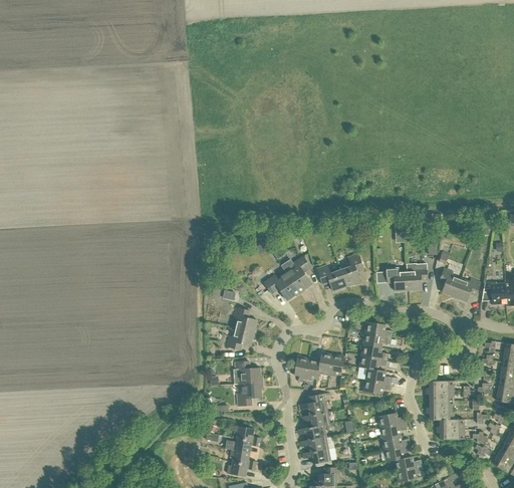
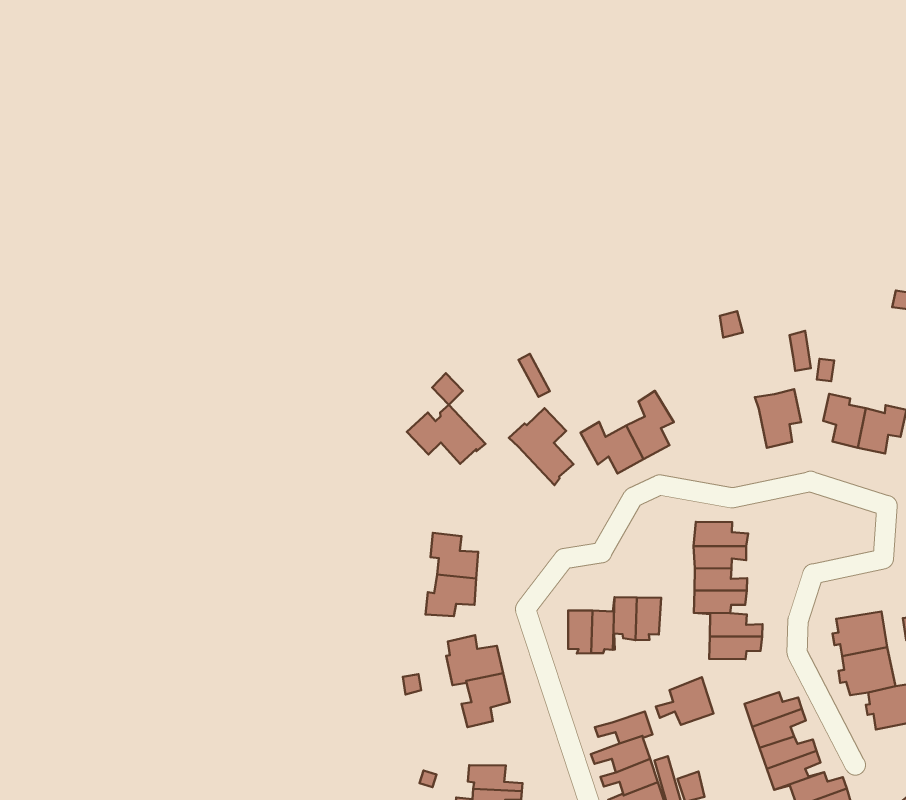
building: [387,268,409,291] -> none
building: [262,270,300,300] -> [407,405,485,464]
building: [299,393,327,415] -> [656,677,714,725]

